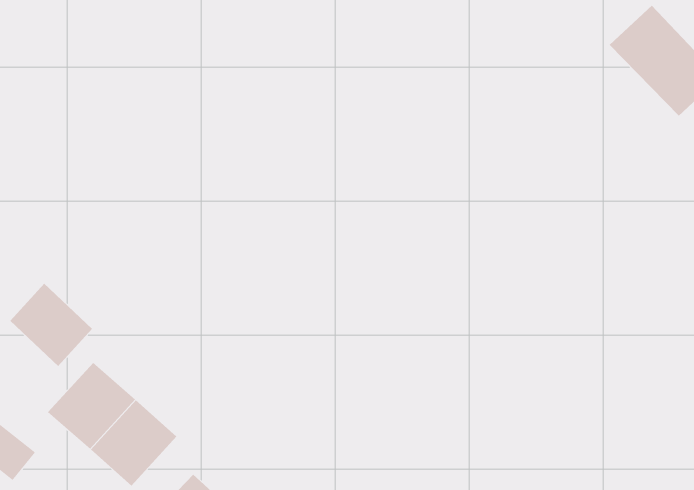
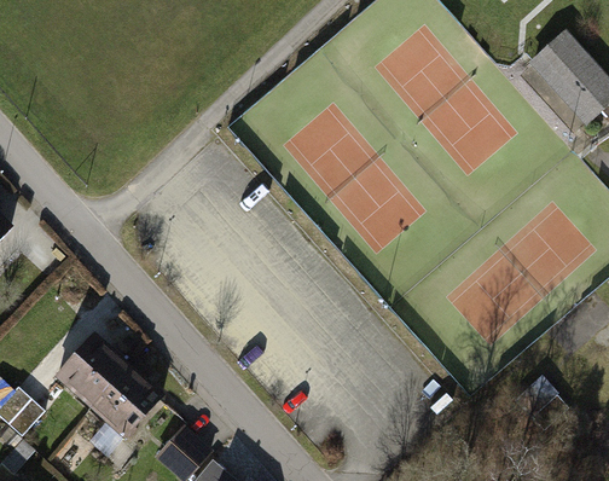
building: [9,283,93,367] -> none

